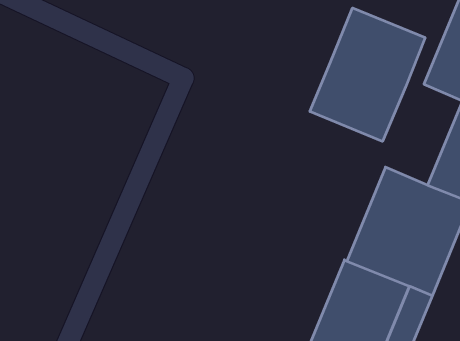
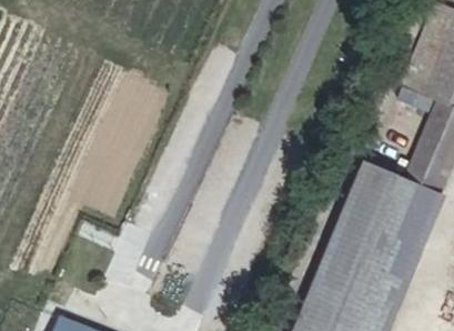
building: [310,8,425,141] -> none

